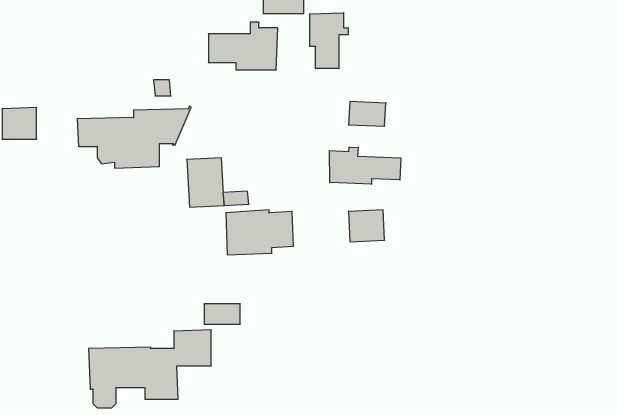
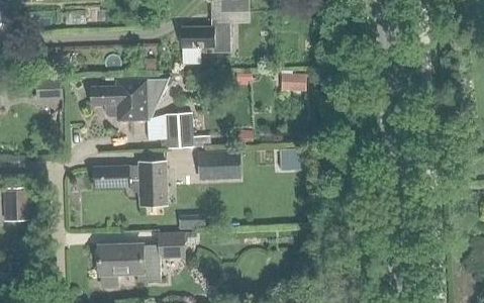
building: [310,13,348,69] -> none
building: [330,147,401,184] -> none
building: none -> [93,163,167,206]

